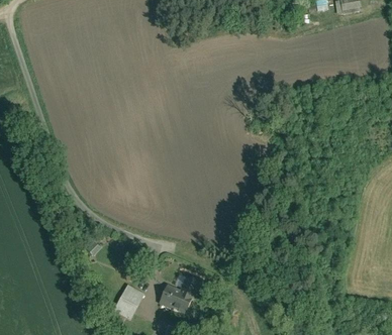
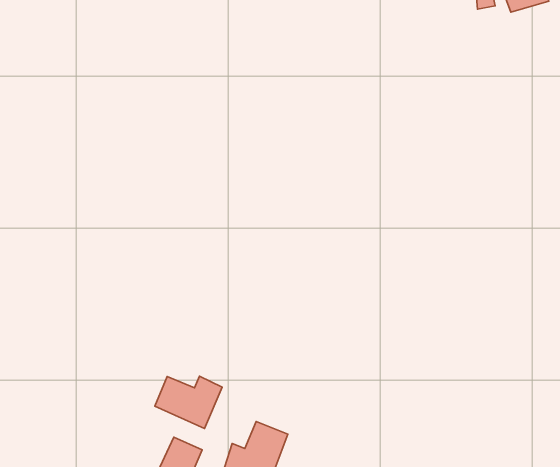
building: none -> [155,376,222,428]

